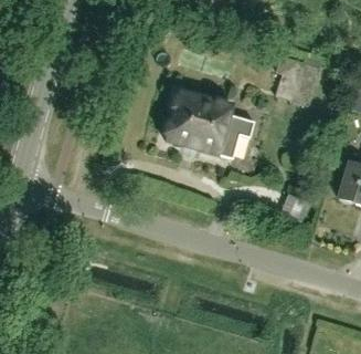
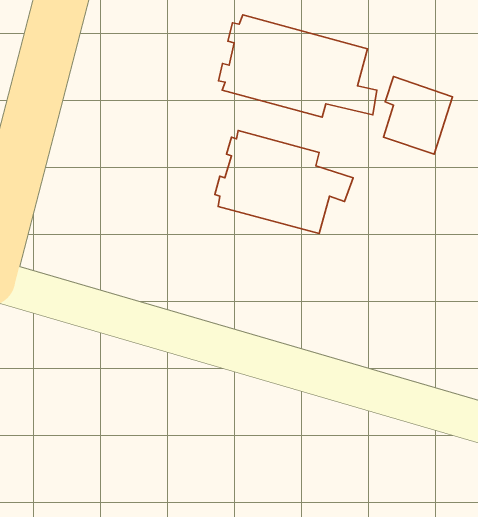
building: none -> [219,15,377,117]

